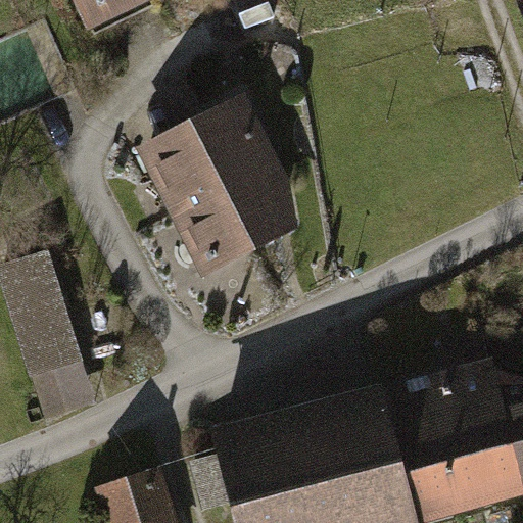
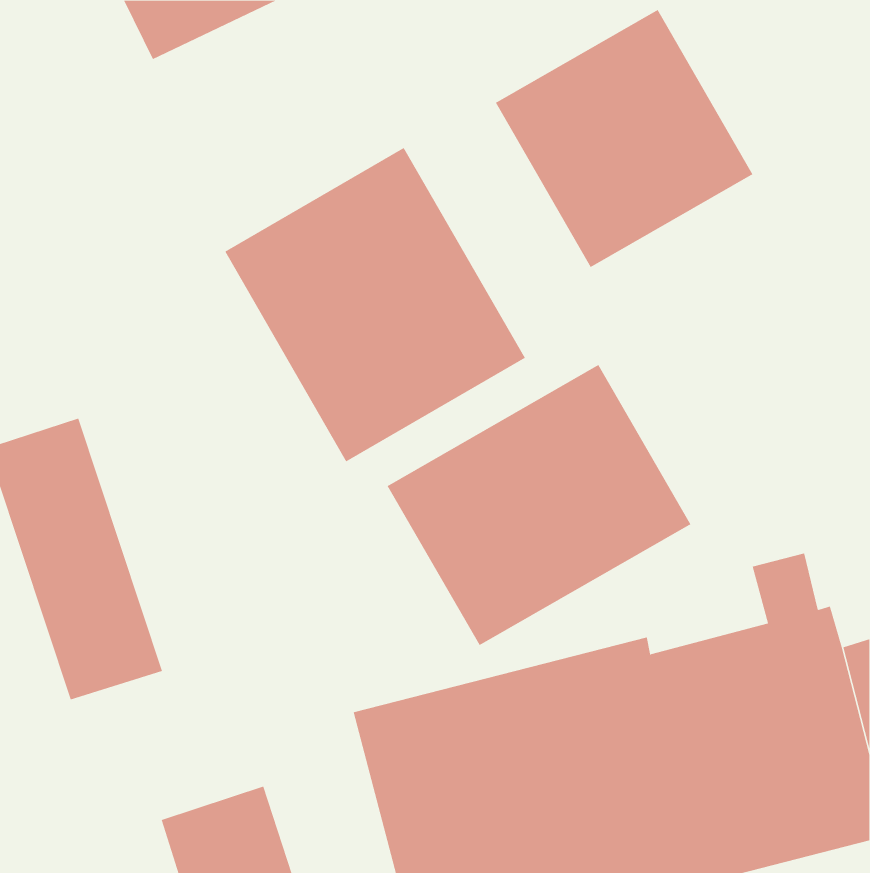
building: none -> [495,9,753,268]
building: none -> [387,364,691,646]

